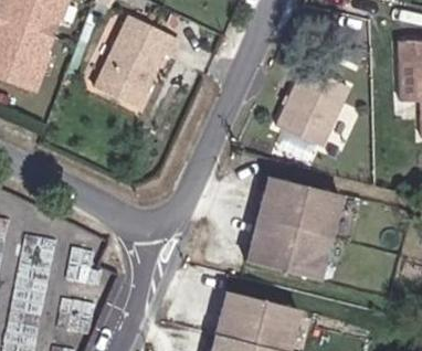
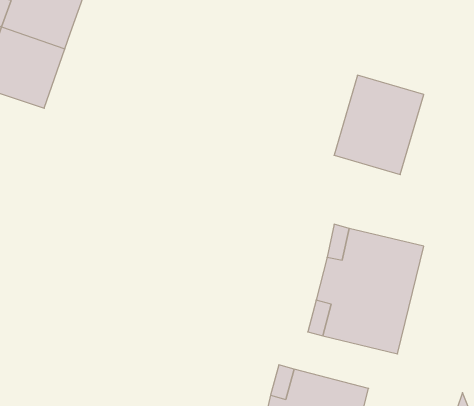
building: [95,15,180,109] -> none

